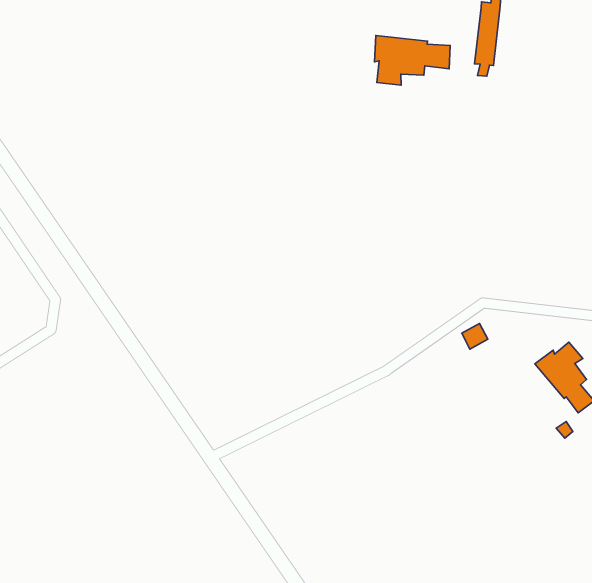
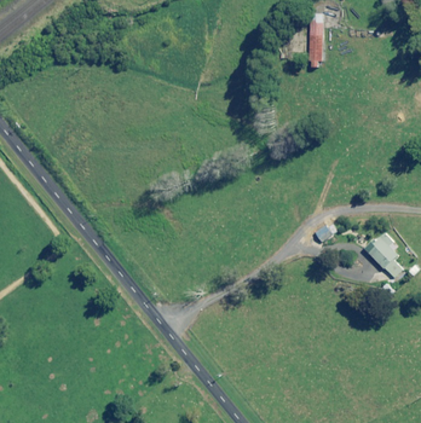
building: [374,35,450,85] -> none

